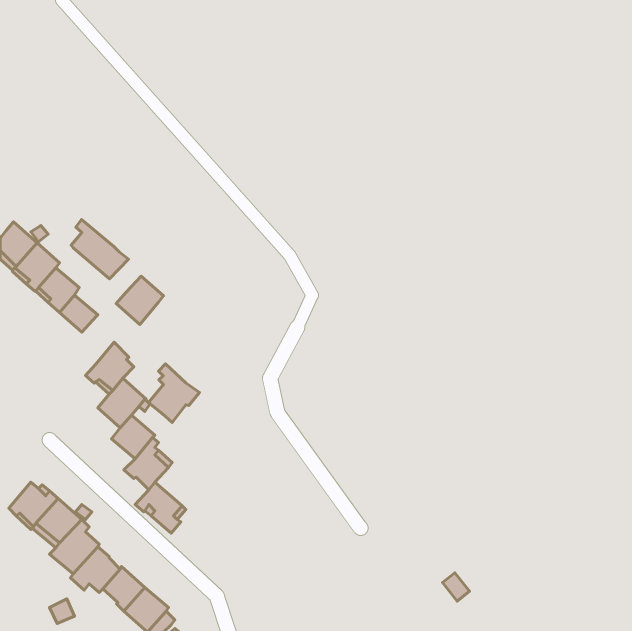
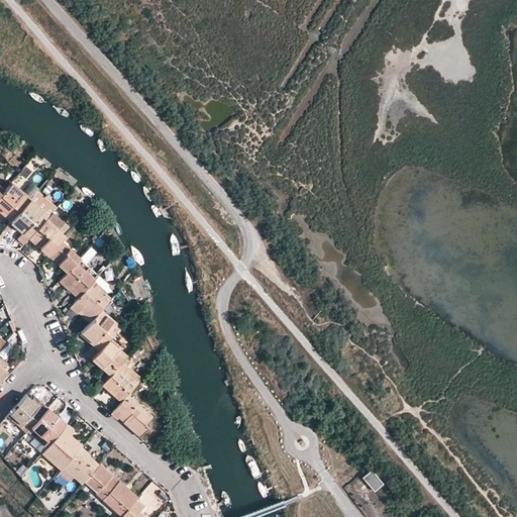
building: [71,220,128,279] -> none
building: [116,276,163,324] -> [60,260,98,299]
building: [148,364,200,423] -> none

